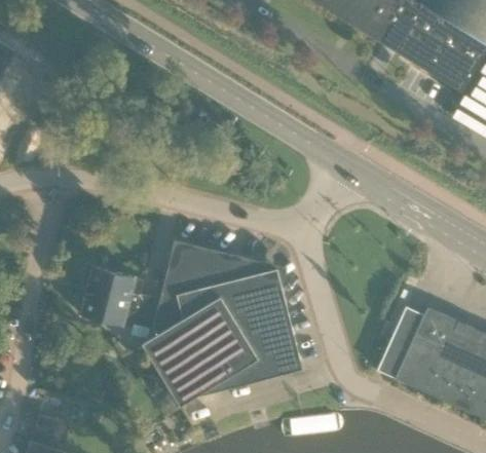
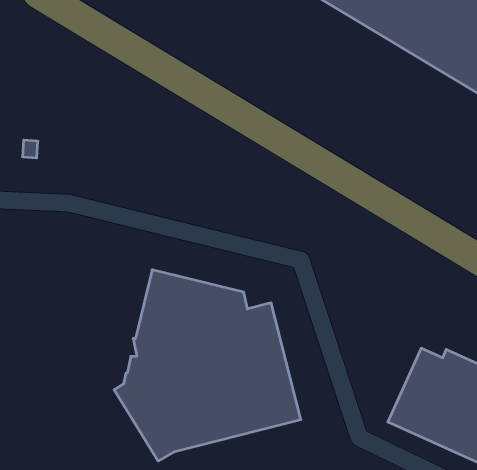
building: [80,266,160,329] -> none

